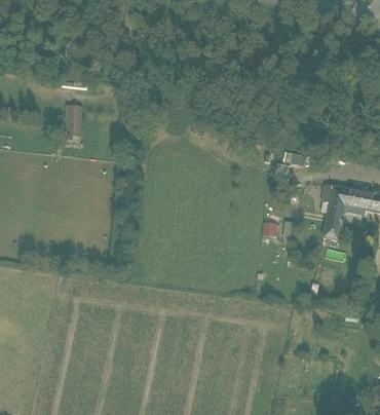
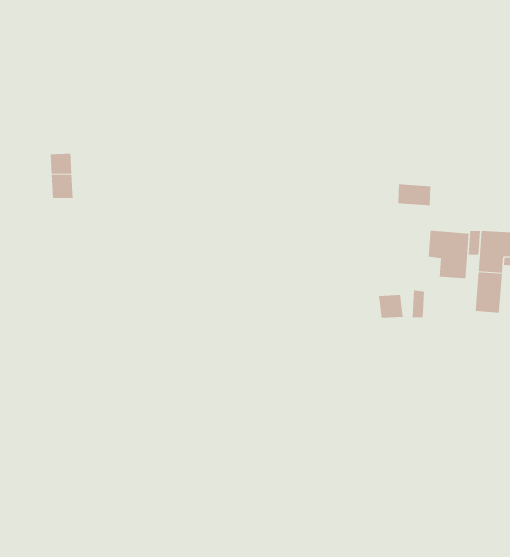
building: none -> [428,230,469,279]

